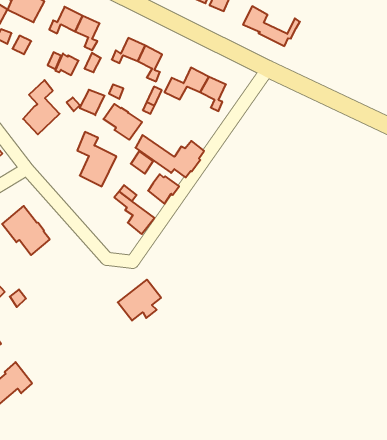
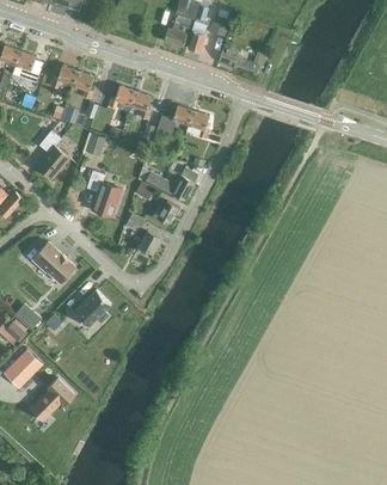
building: [103,104,142,140] -> none
building: [118,280,161,321] -> [73,289,110,326]

